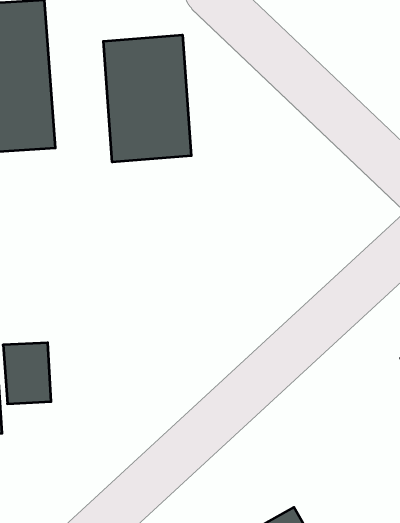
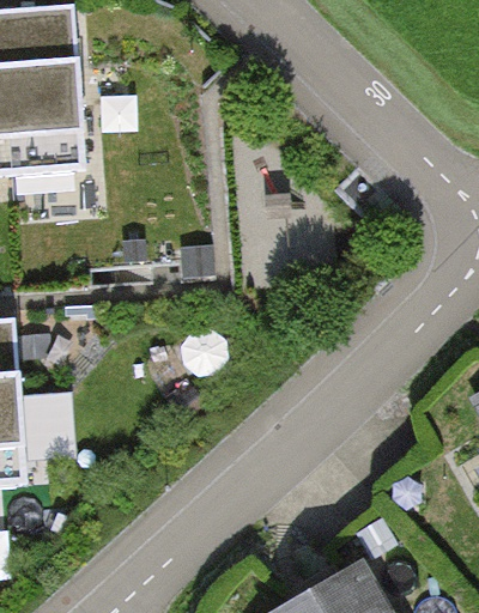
building: [103,35,191,162] -> none

